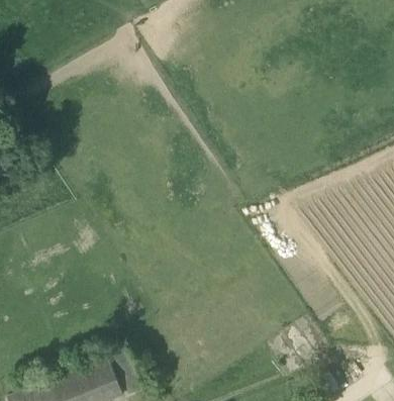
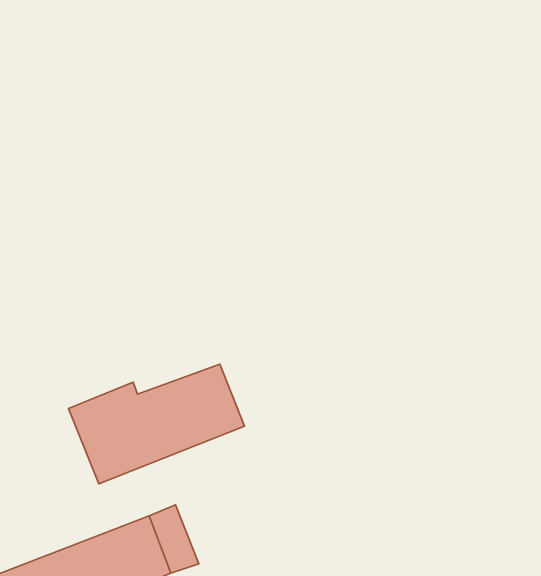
building: none -> [69,364,245,484]

